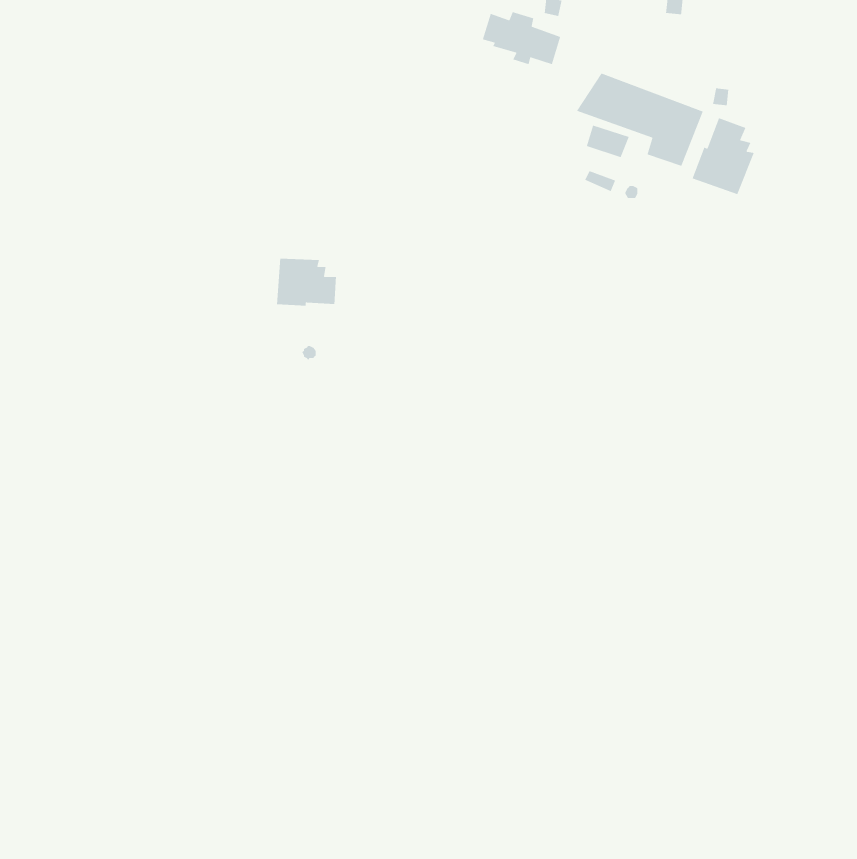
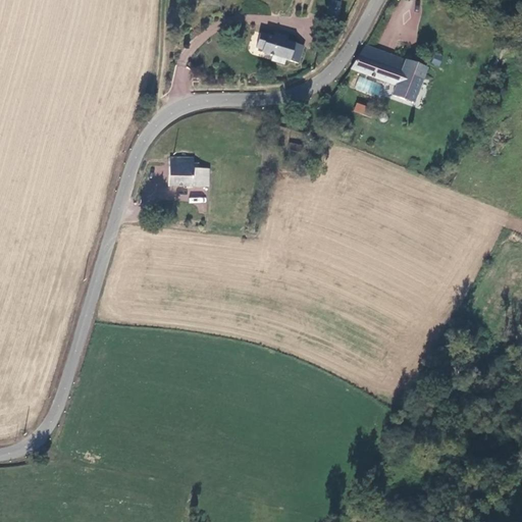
building: [482,11,561,65] -> [256,29,304,61]
building: [692,117,755,195] -> none

